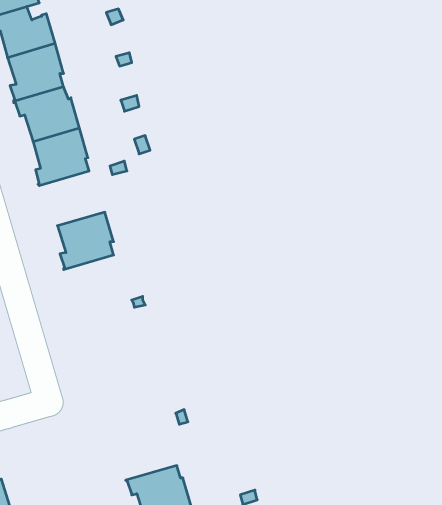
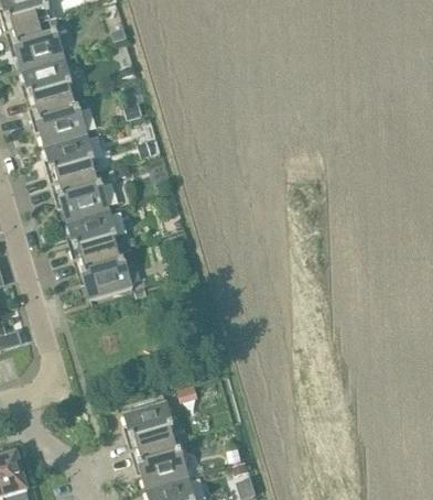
building: none -> [51,172,110,221]
building: none -> [73,248,132,298]
building: none -> [123,399,175,452]

